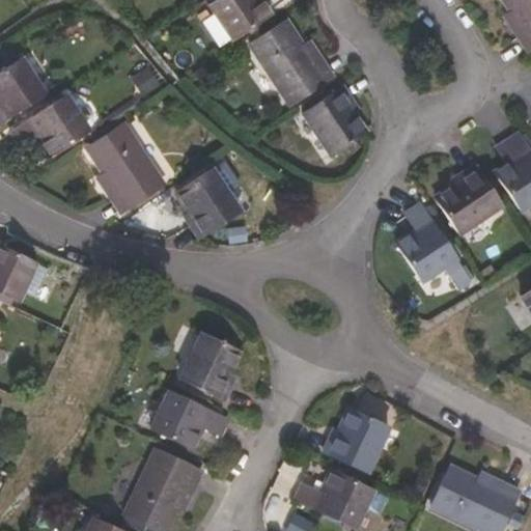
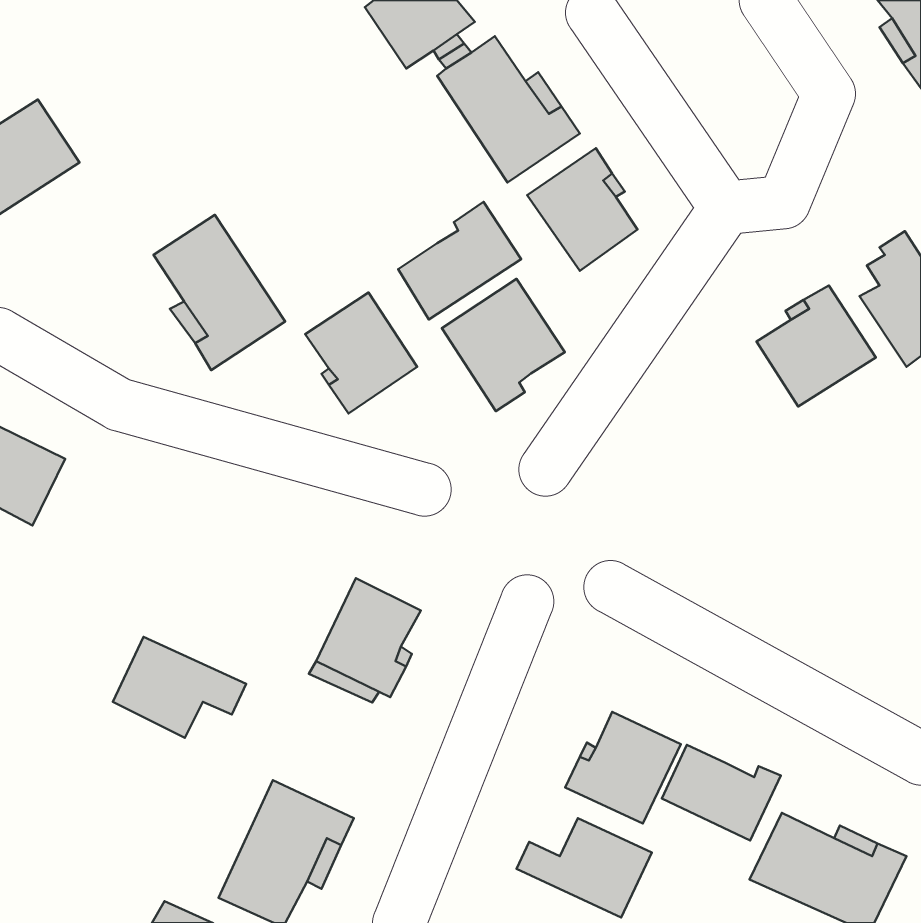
building: [10,94,90,157] -> none
building: none -> [398,202,521,320]
building: none -> [442,279,565,411]
building: [397,203,472,289] -> none
building: [152,391,229,449] -> [113,637,246,738]
building: none -> [662,745,781,840]

